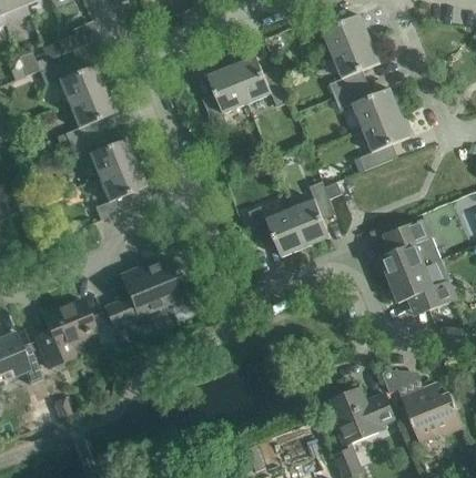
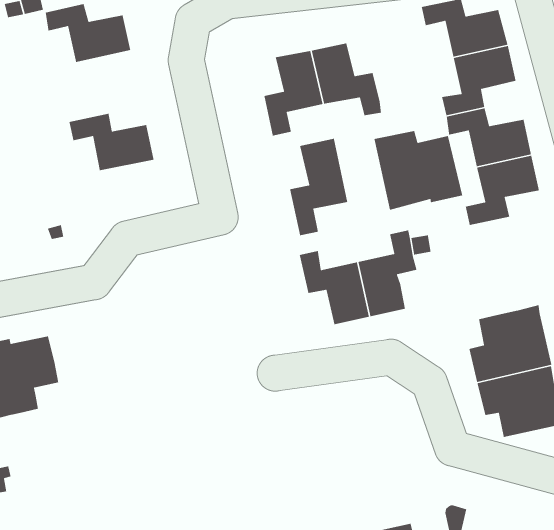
building: [63,88,114,145] -> none
building: none -> [373,130,463,213]
building: none -> [289,138,348,236]
building: [93,162,144,220] -> none
building: [103,260,191,326] -> none

